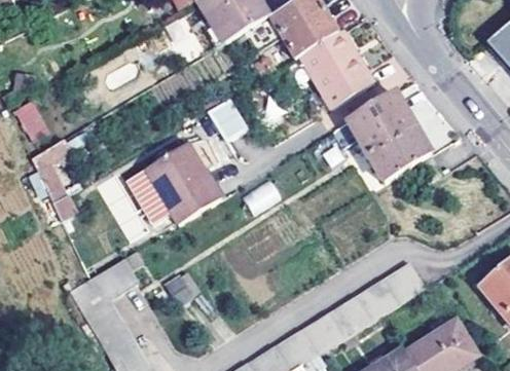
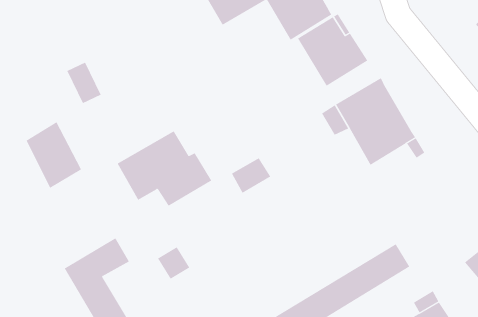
building: [12,97,48,140] -> [66,62,101,104]
building: [209,100,247,142] -> none

